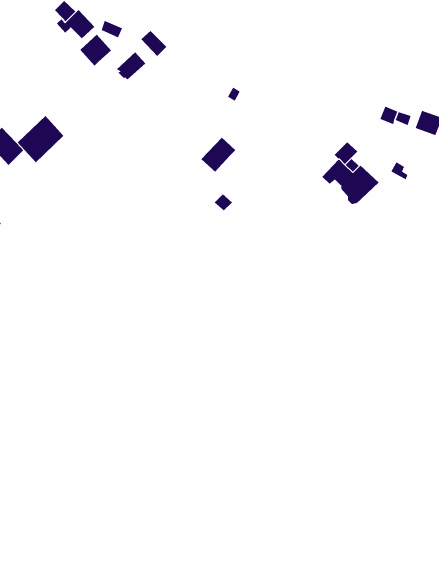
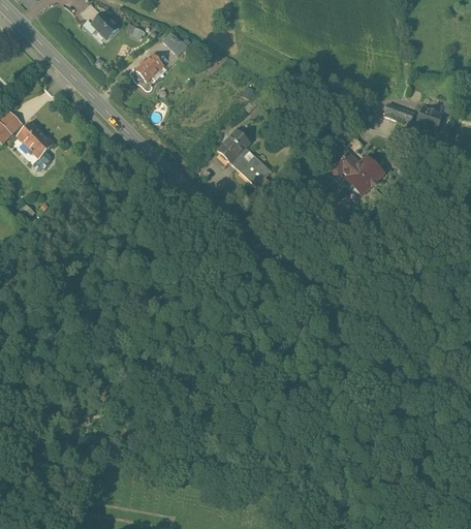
building: [79,34,112,67] -> none
building: [17,115,64,163] -> none
building: none -> [229,148,270,191]

